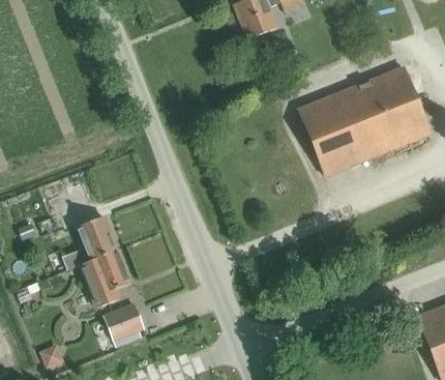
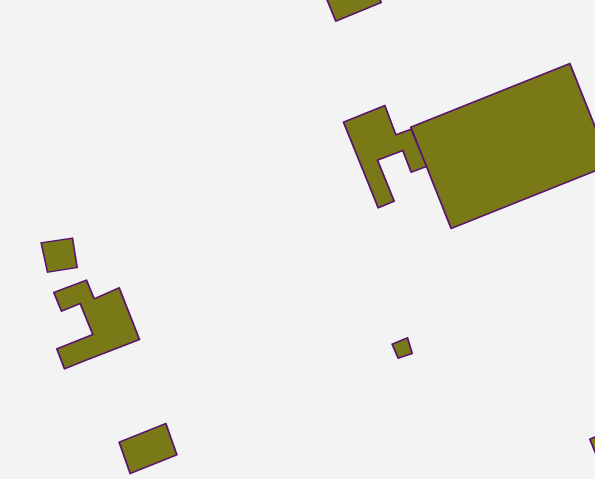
building: none -> [344,106,426,208]
building: [81,250,131,308] -> none

